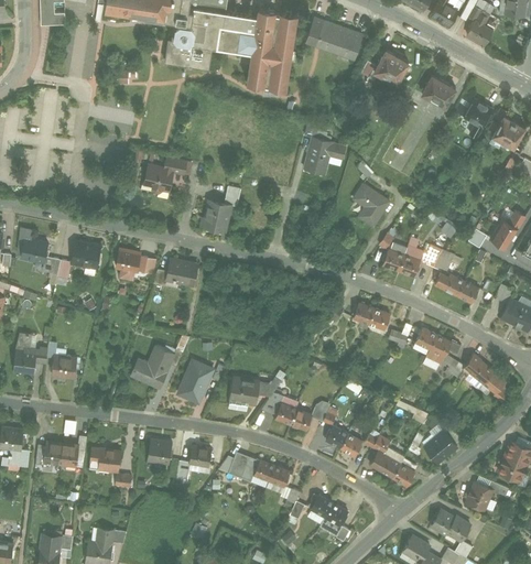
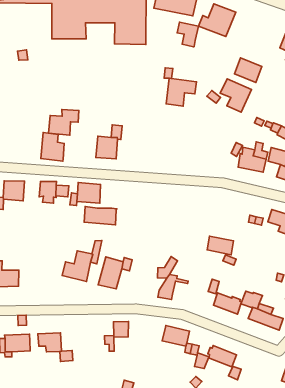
building: none -> [177,22,199,47]
building: [419,72,456,107] -> [234,58,262,83]
building: [349,181,391,227] -> [220,79,251,112]
building: none -> [41,132,64,161]
building: none -> [84,207,117,225]
building: [356,300,392,328] -> [207,236,234,255]
building: [228,375,260,406] -> none
building: [274,402,313,431] -> none
building: [147,437,174,464] -> none
building: [229,452,259,481] -> none

